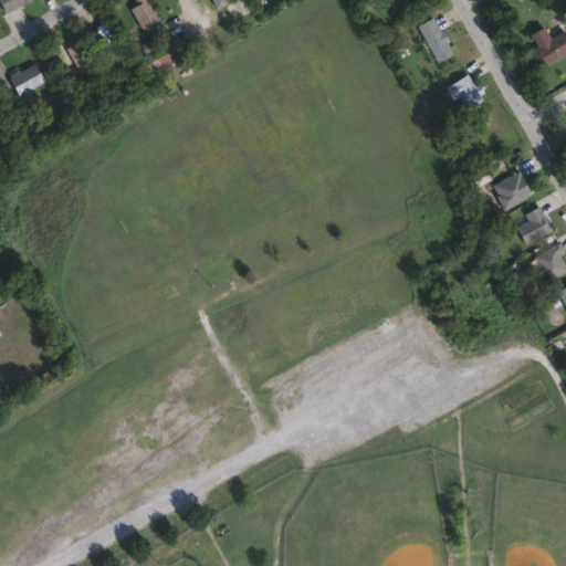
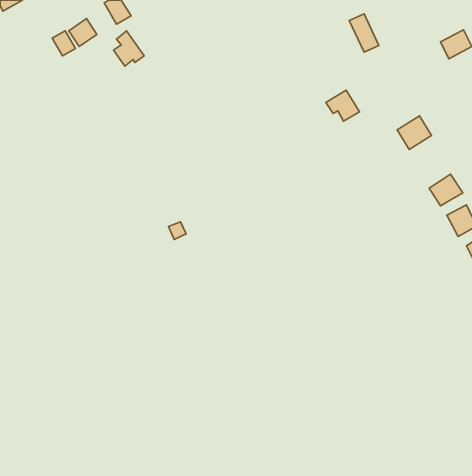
building: [9,61,48,98] -> none
building: [446,73,485,109] -> [326,90,359,121]
building: [492,170,533,210] -> [397,116,432,149]

